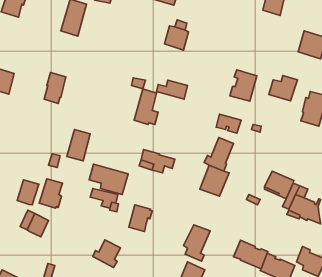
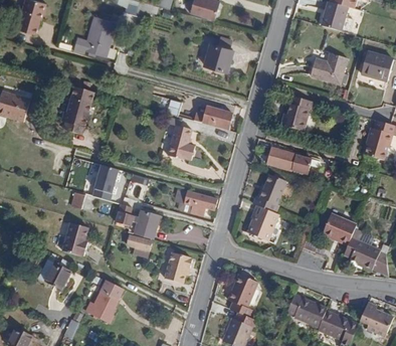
building: [269,76,297,101] -> [313,53,346,82]
building: [17,180,39,205] -> none
building: [93,240,120,268] -> [85,291,118,323]

